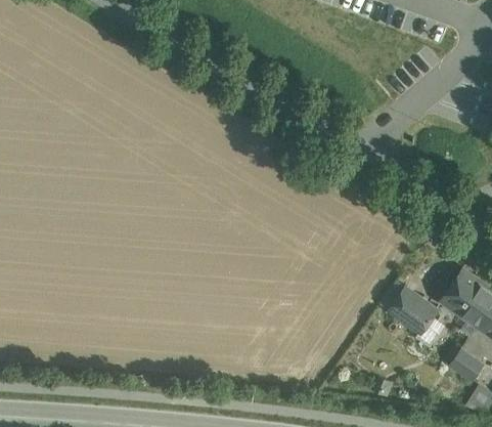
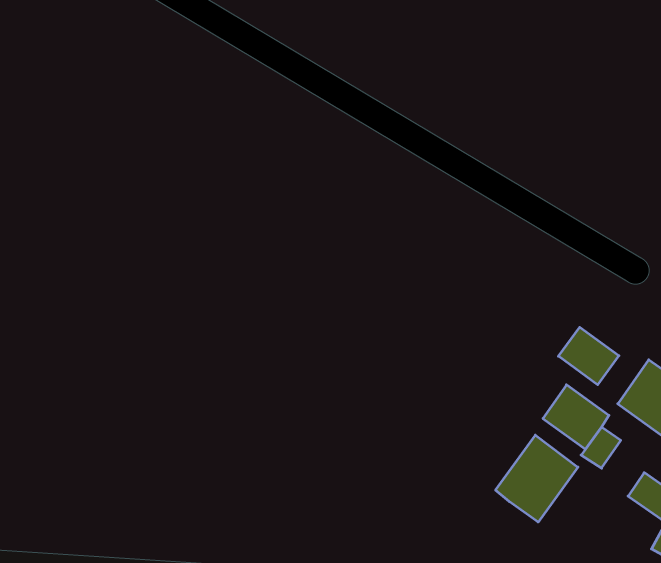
building: none -> [558,327,619,385]
building: none -> [496,435,578,522]

